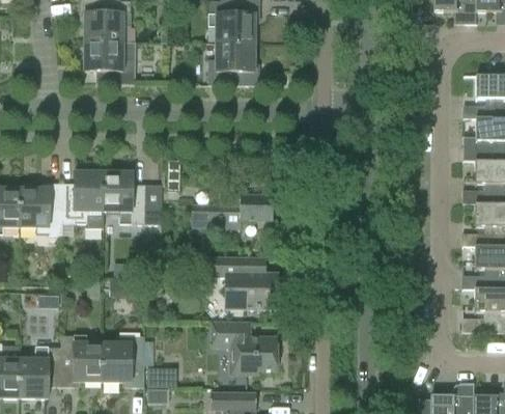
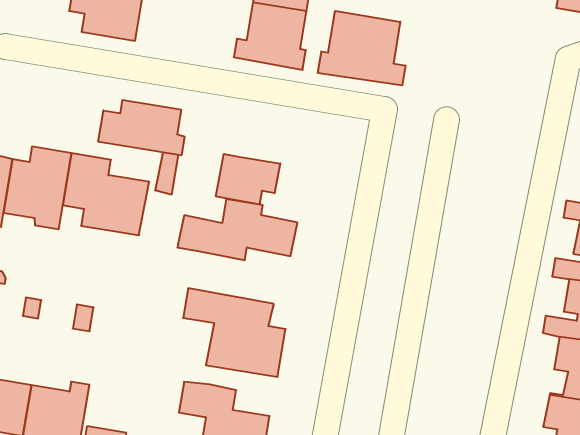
building: none -> [318,11,405,85]
building: none -> [98,100,185,155]
building: none -> [216,154,280,205]

